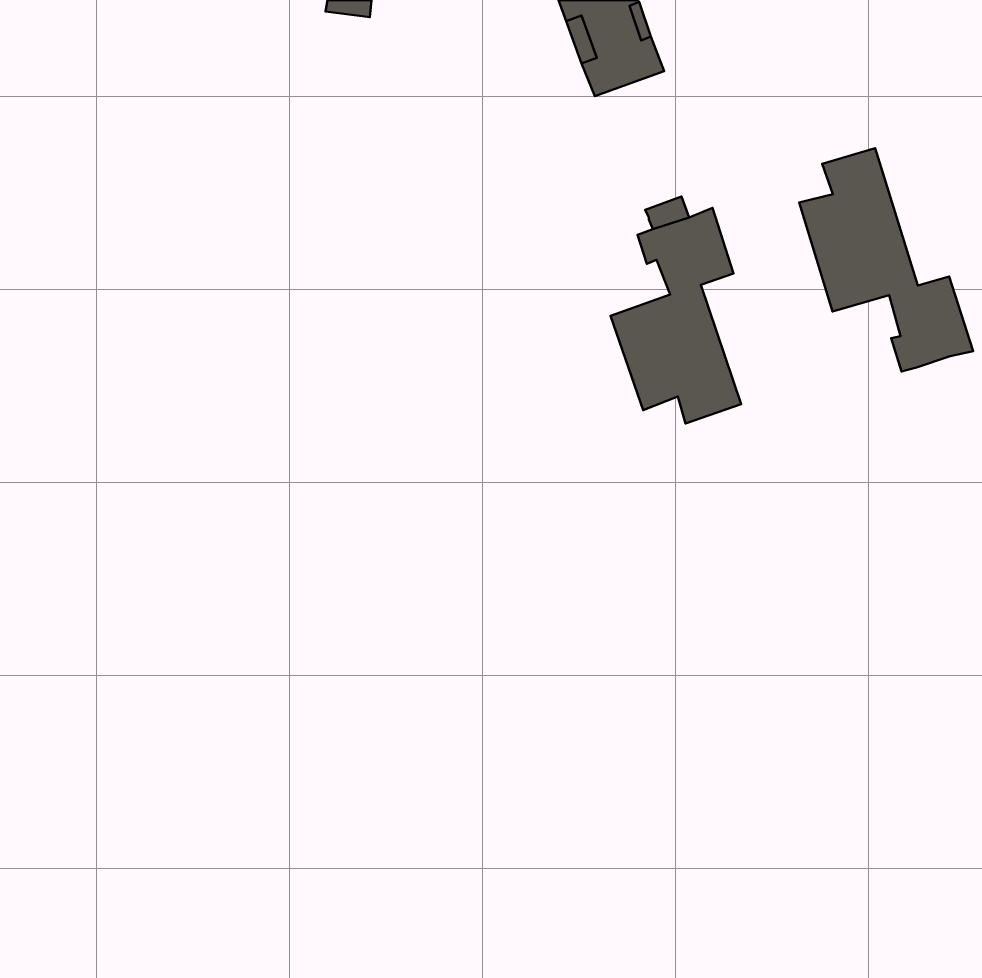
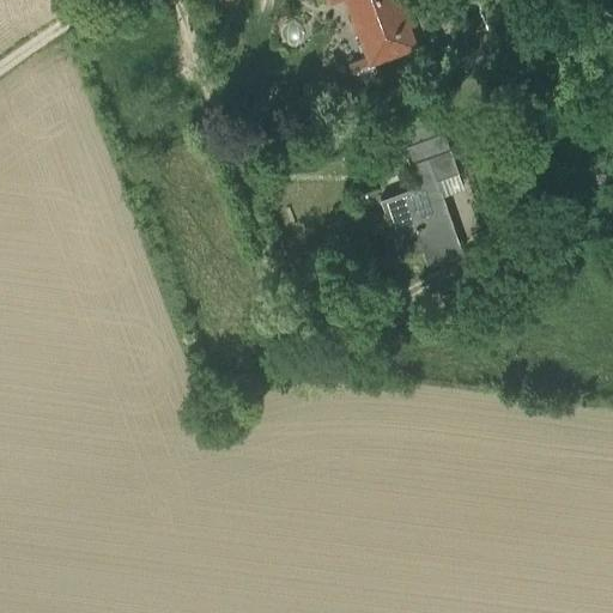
building: [799,148,973,371] -> none

